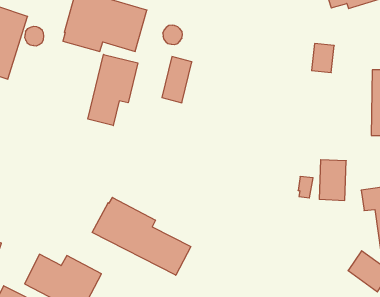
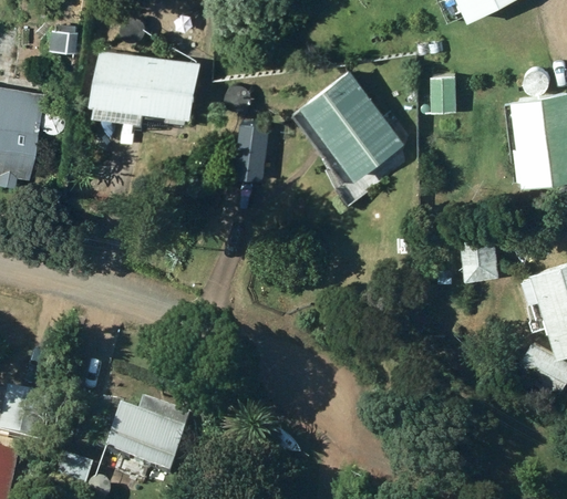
building: none -> [303,73,405,180]
building: [88,54,138,126] -> none
building: [92,197,191,275] -> none

